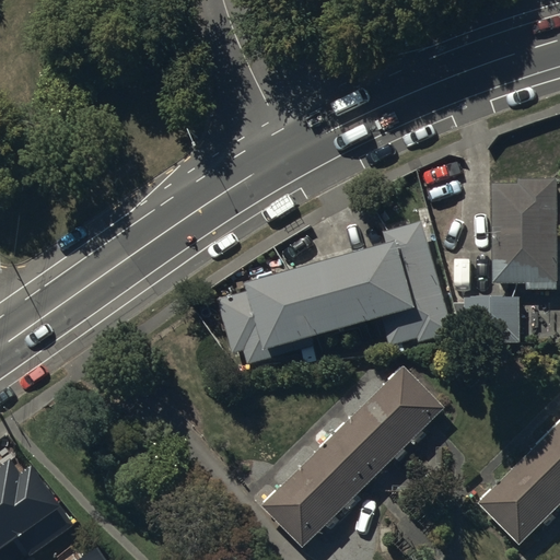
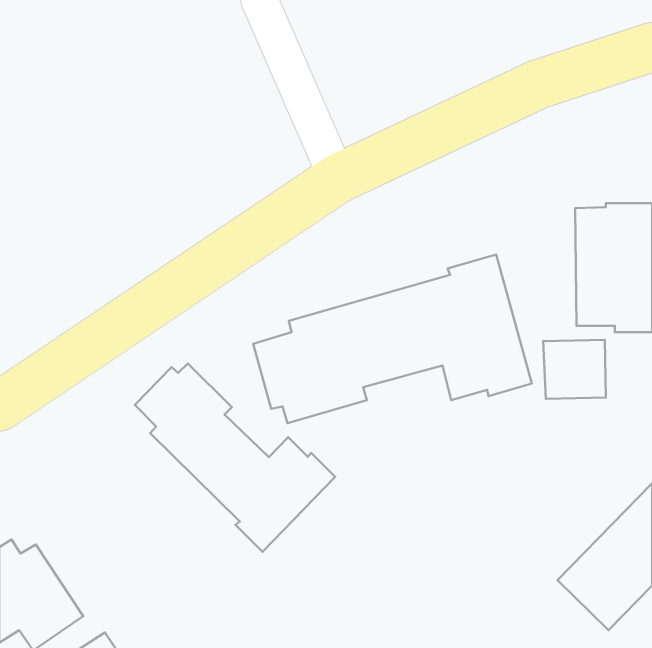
building: none -> [135,363,335,552]
building: [262,365,443,547] -> none

